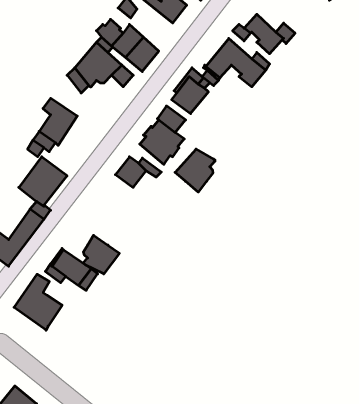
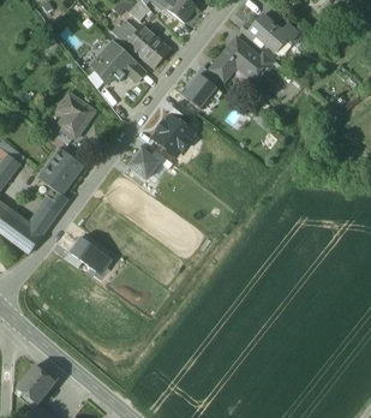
building: [175,149,215,192] -> none
building: [83,235,119,274] -> none
building: [14,274,62,330] -> none

